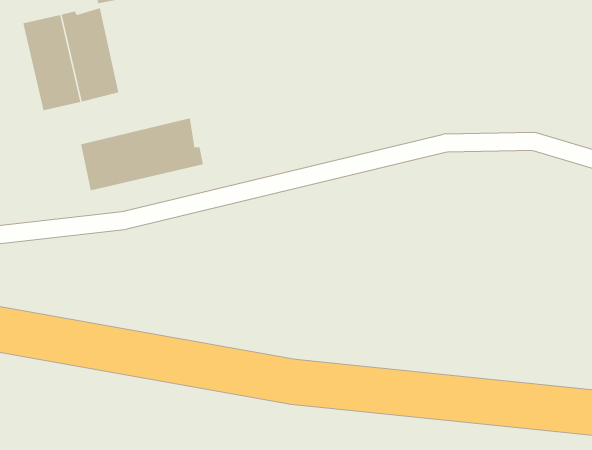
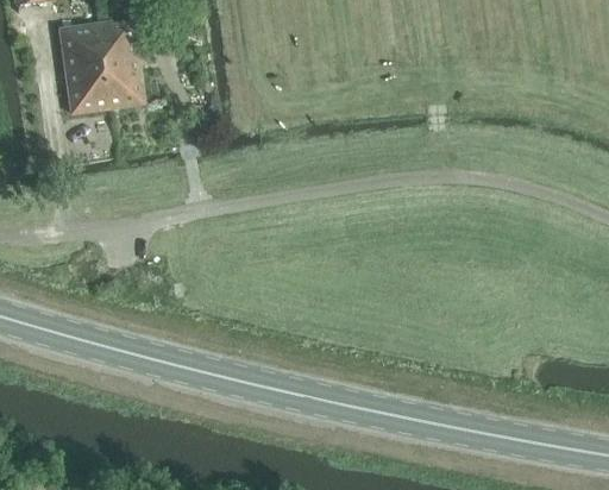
building: [81,117,204,191] -> none

